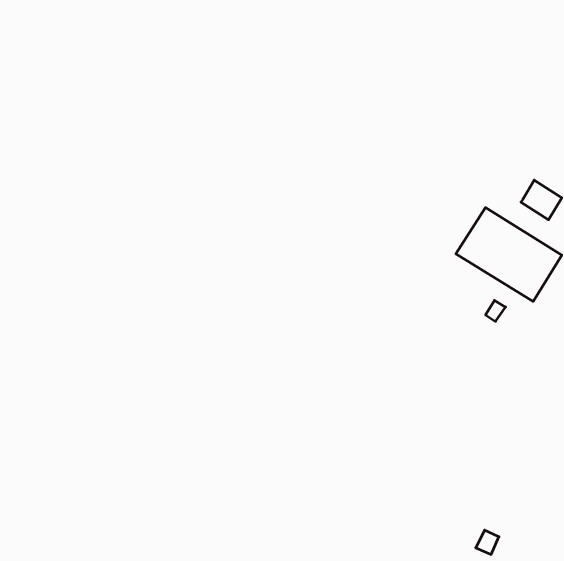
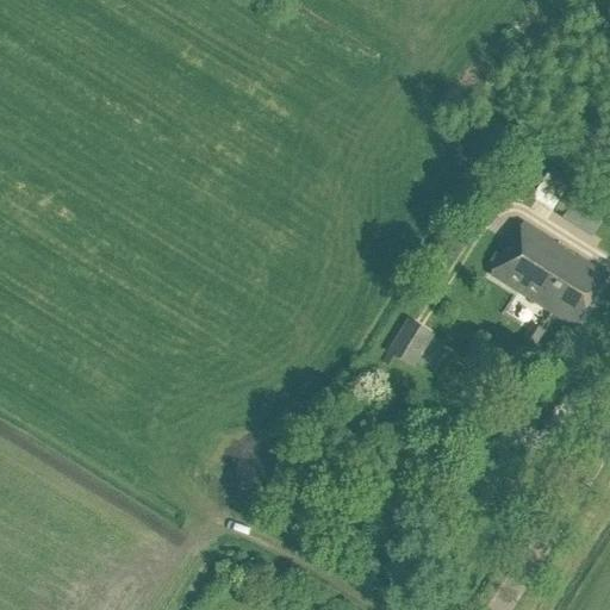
building: none -> [386,318,434,368]

